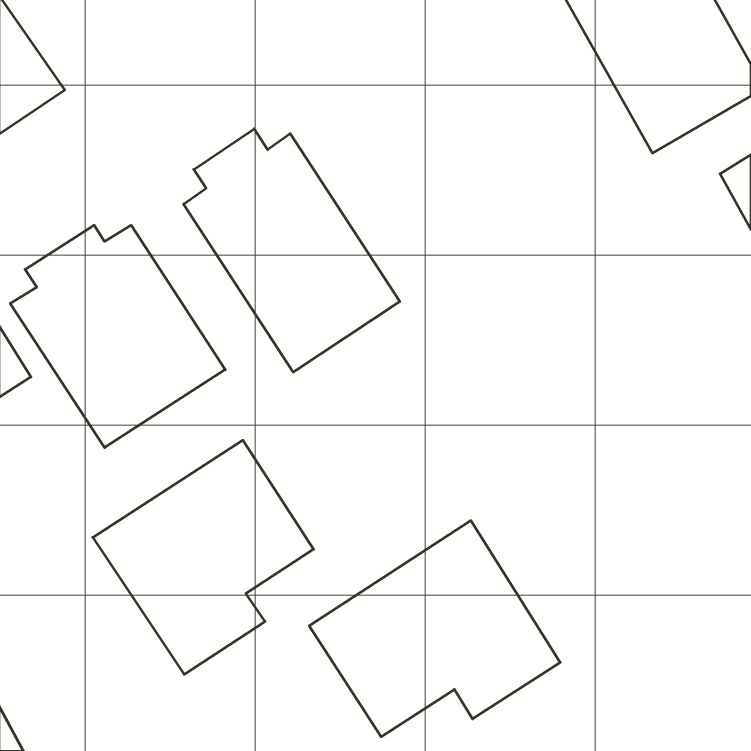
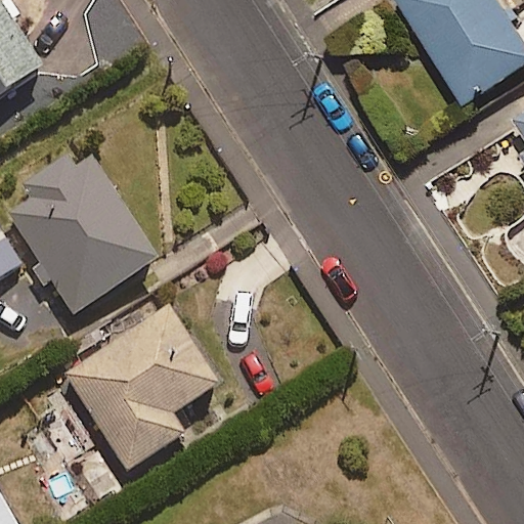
building: [184,129,400,372] -> none
building: [309,521,560,737] -> none

